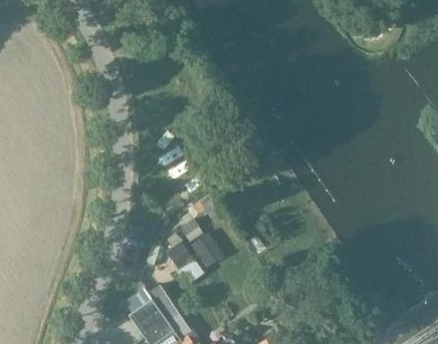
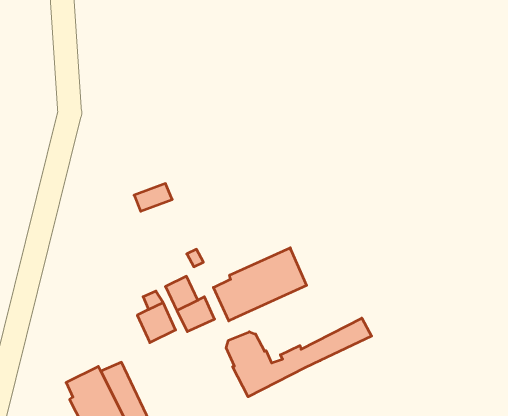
building: none -> [213,248,307,321]
building: none -> [226,318,372,397]

